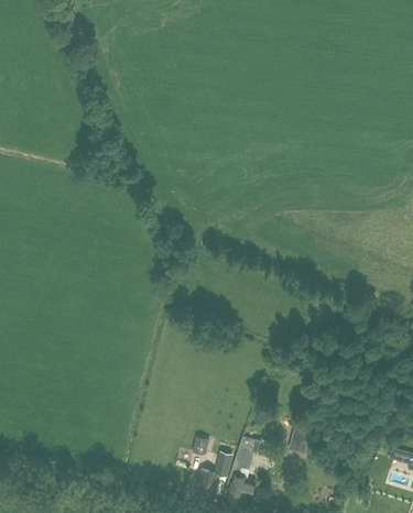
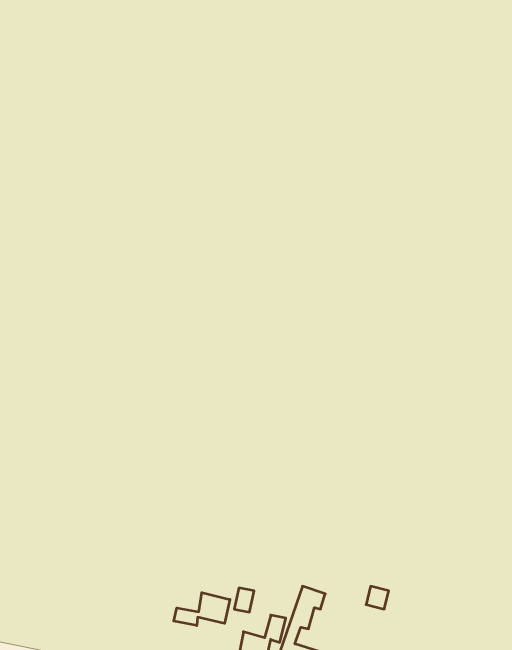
building: none -> [174,593,230,626]

